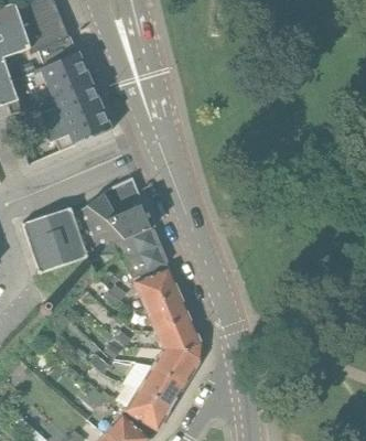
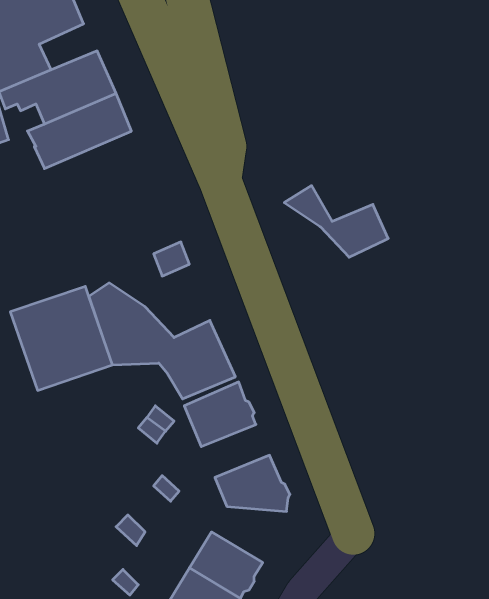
building: [40,35,77,65] -> none
building: [43,105,109,150] -> none
building: [85,192,152,238] -> [284,186,388,257]
building: [144,294,189,329] -> none
building: [151,347,201,384] -> none

